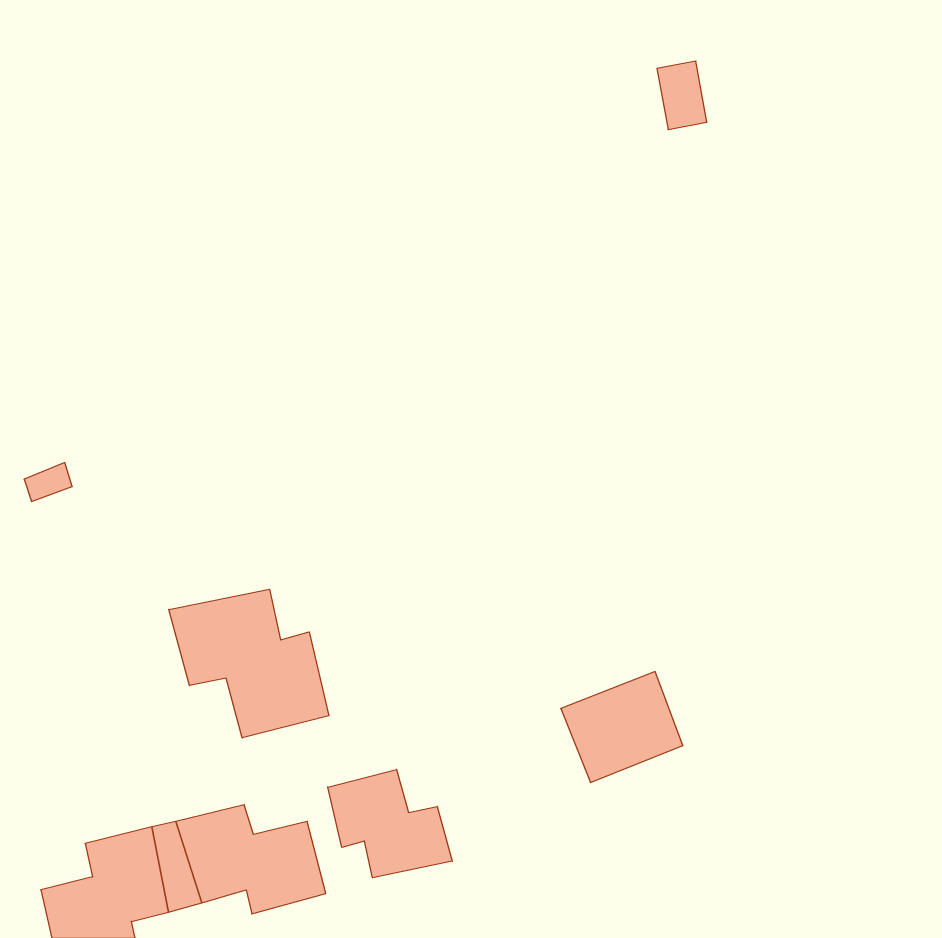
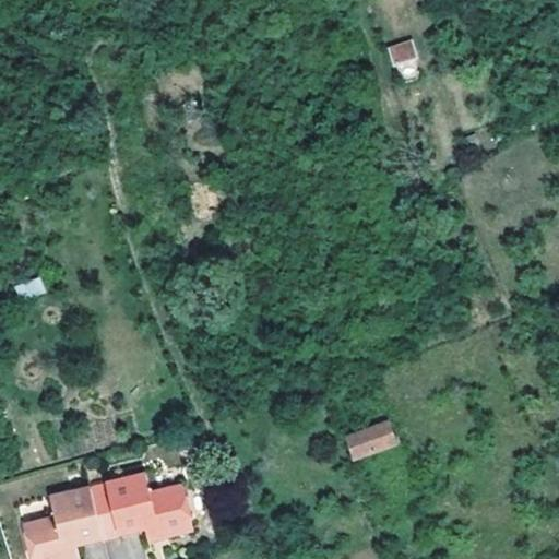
building: [169,589,329,738] -> none
building: [328,769,452,878] -> none

